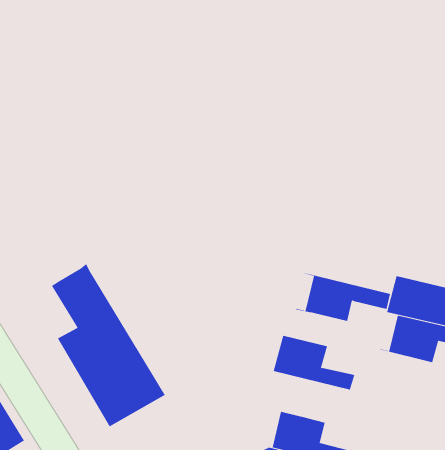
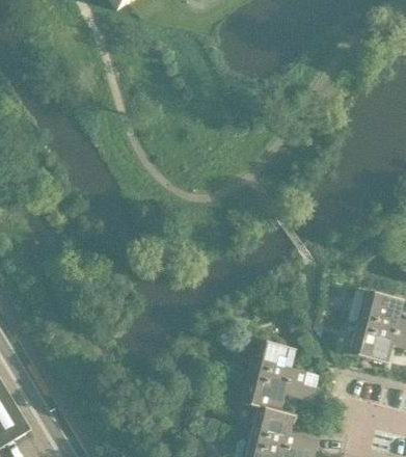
building: [51,263,165,427] -> none
building: [295,272,391,321] -> [233,367,316,409]

